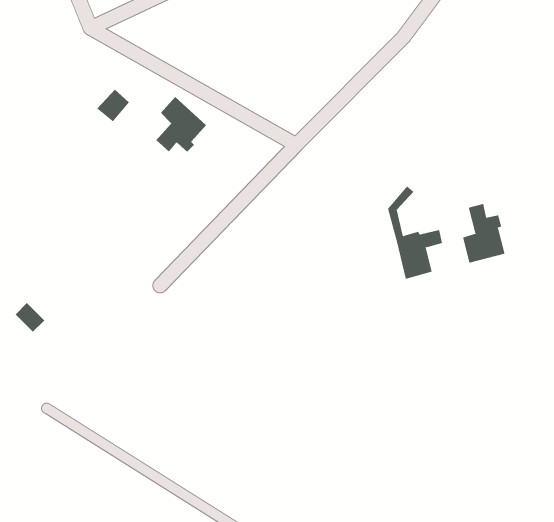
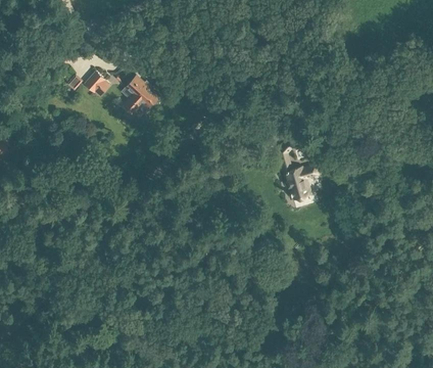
building: [463,203,505,263] -> none

